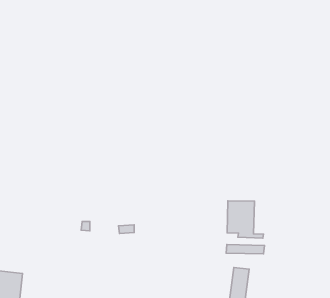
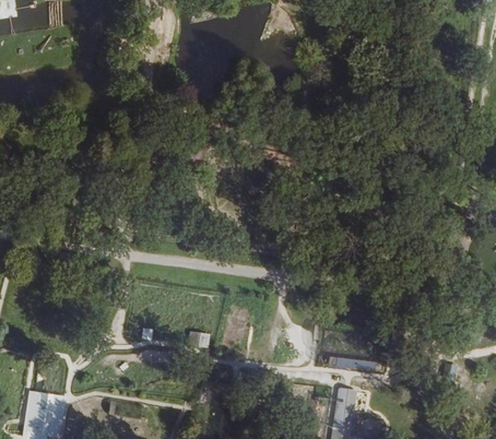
building: [227,201,263,238] -> none

